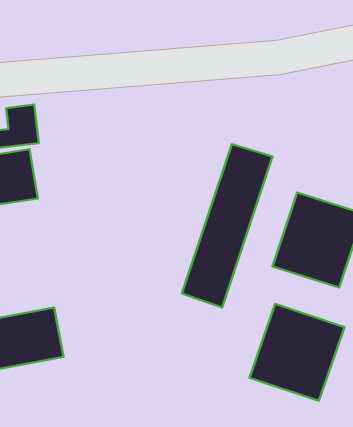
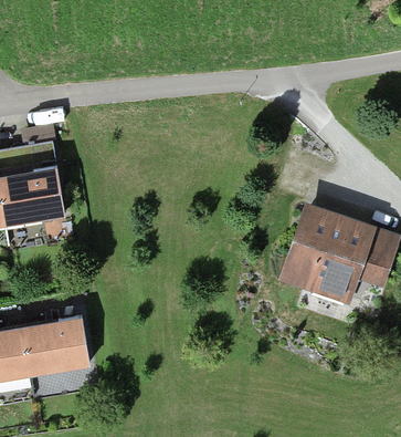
building: [182,144,272,307] -> none
building: [250,304,345,401] -> none

